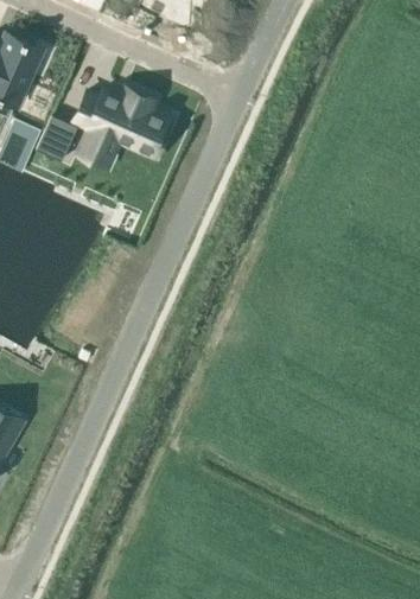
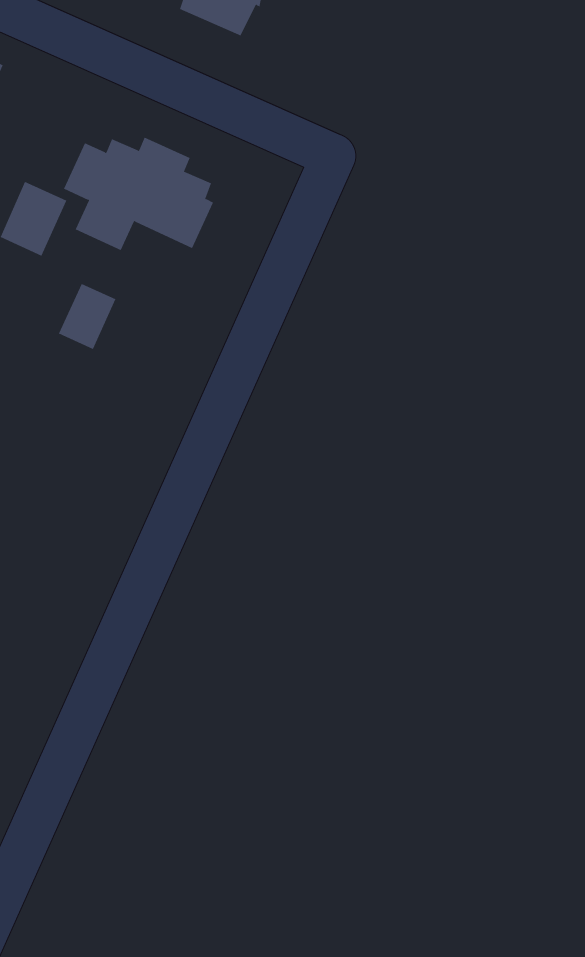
building: none -> [58,283,116,350]

